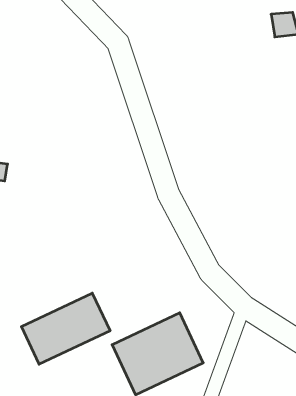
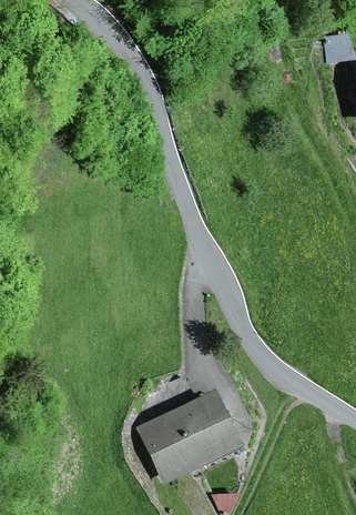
building: [21,293,110,364] -> none

